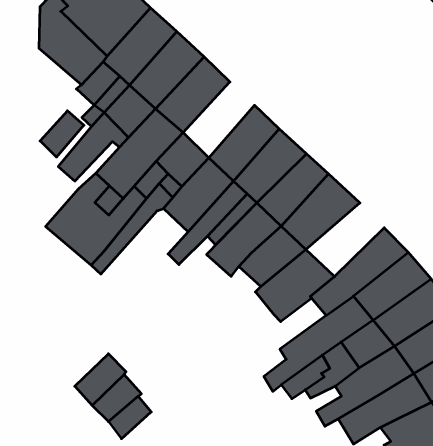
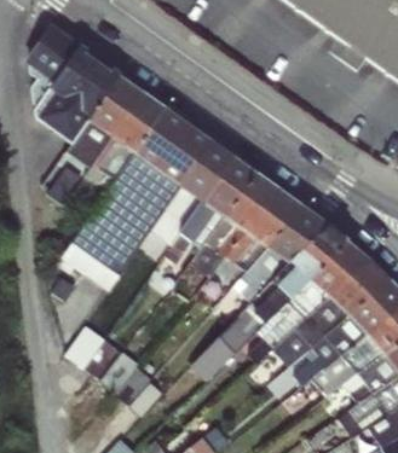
building: none -> [160,126,213,187]
building: none -> [269,207,328,267]
building: none -> [194,286,292,381]
building: none -> [68,326,120,377]

